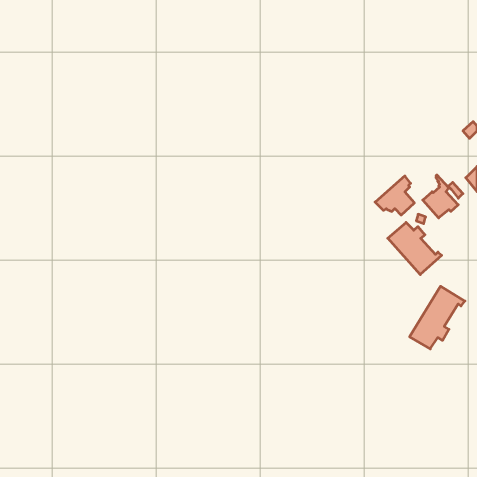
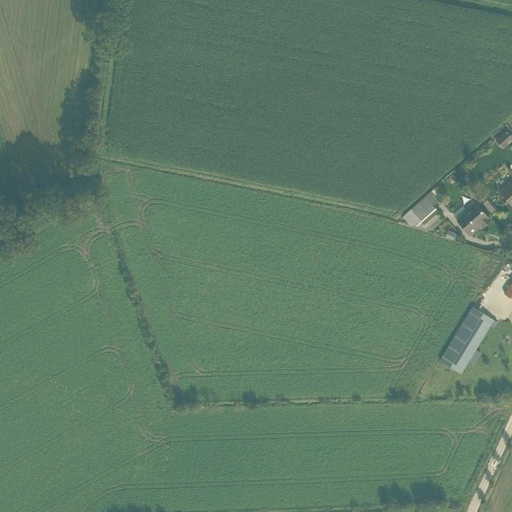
building: [388,222,442,275] -> none

